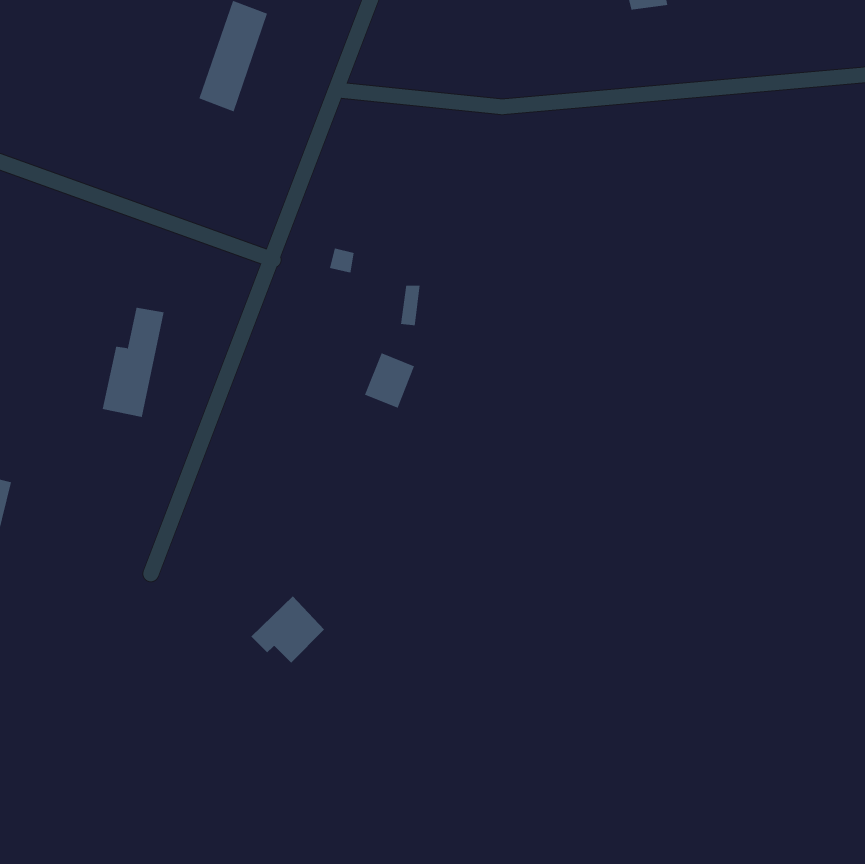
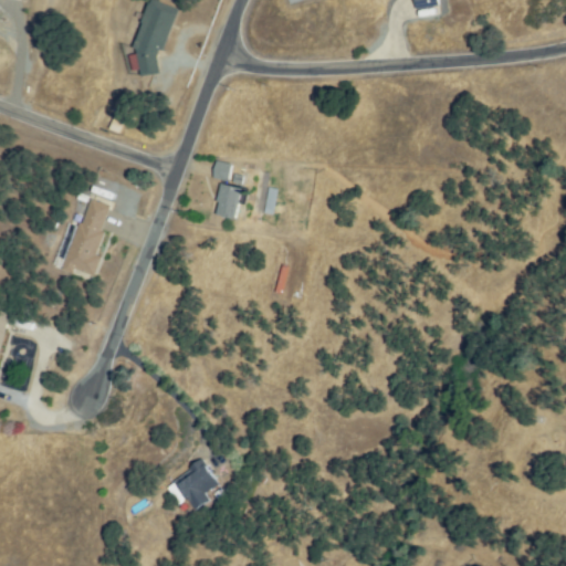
building: [364,353,415,409] -> [213,181,247,218]
building: [250,596,325,664] -> [171,460,220,504]

